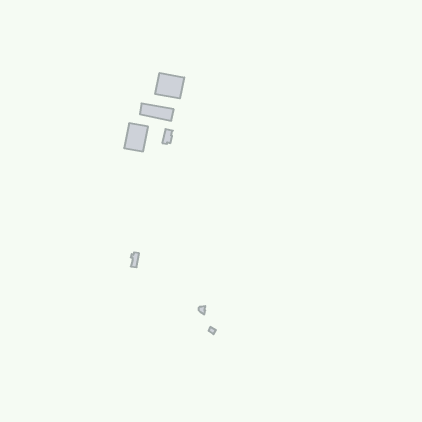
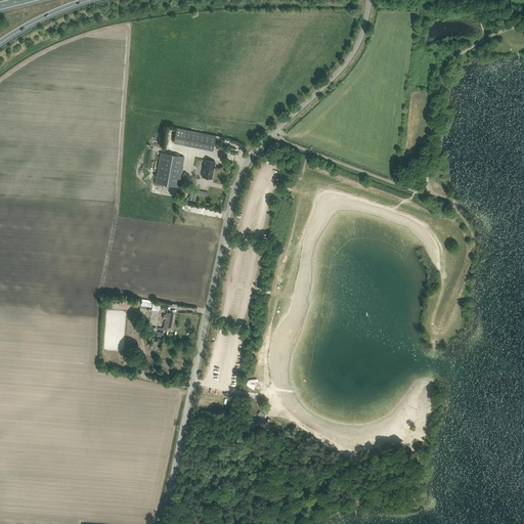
building: [155,73,184,98] -> none

